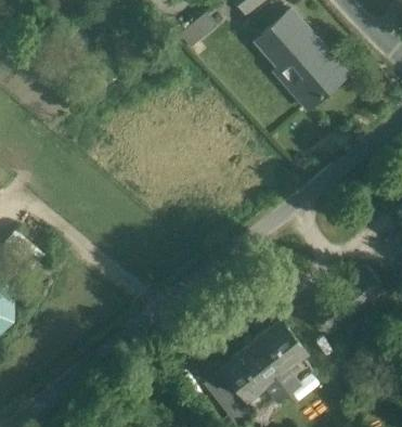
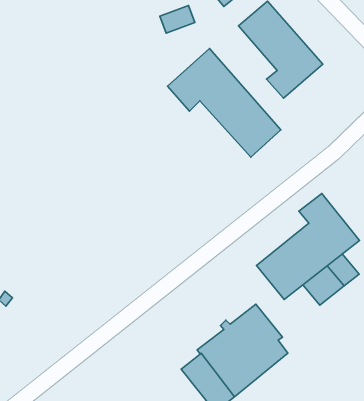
building: none -> [168,49,281,157]
building: none -> [257,193,359,299]

